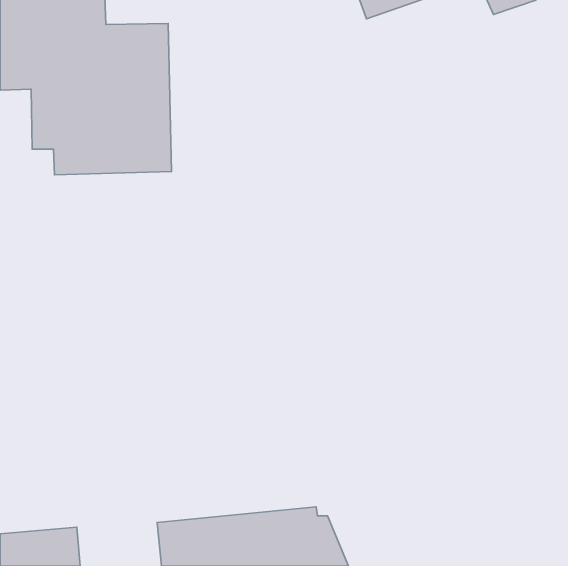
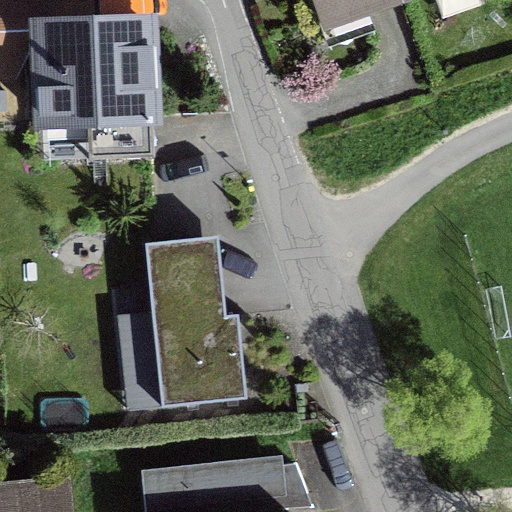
building: none -> [119,239,248,412]

